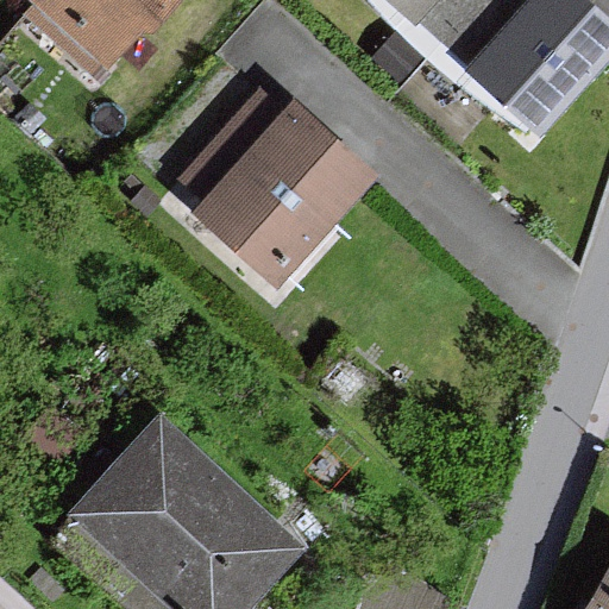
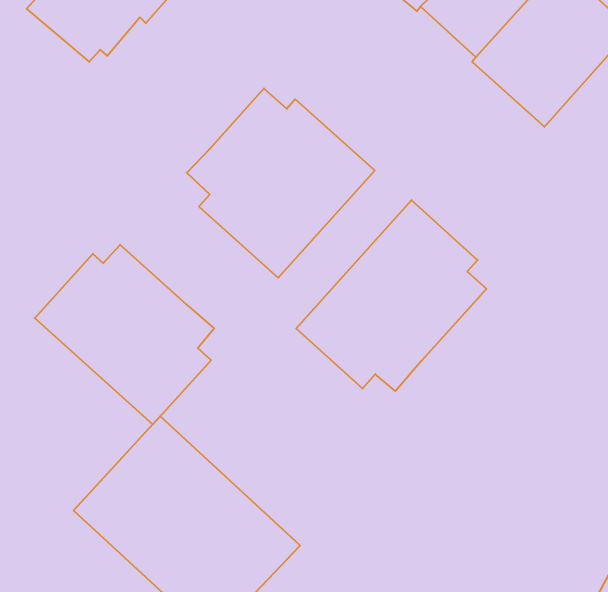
building: none -> [296,200,486,391]
building: none -> [35,245,214,424]

